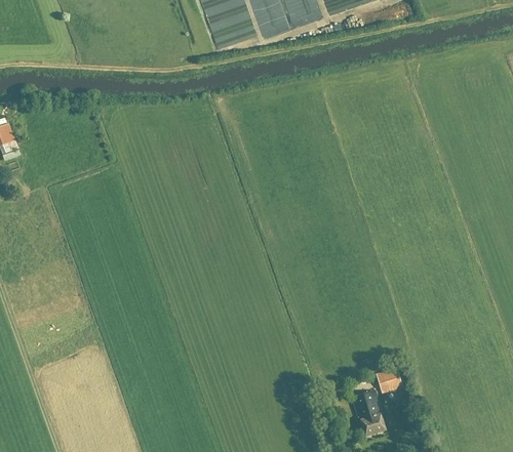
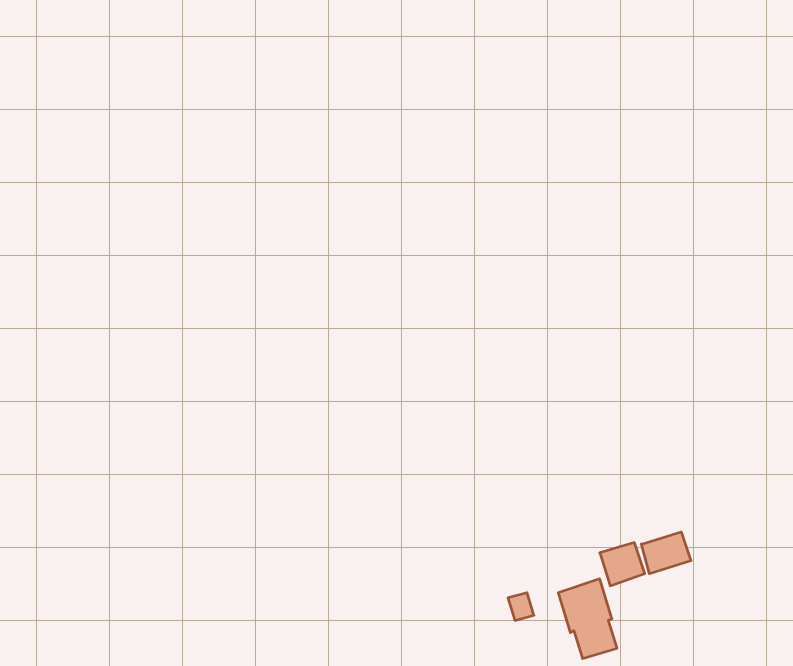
building: none -> [641,532,691,574]

